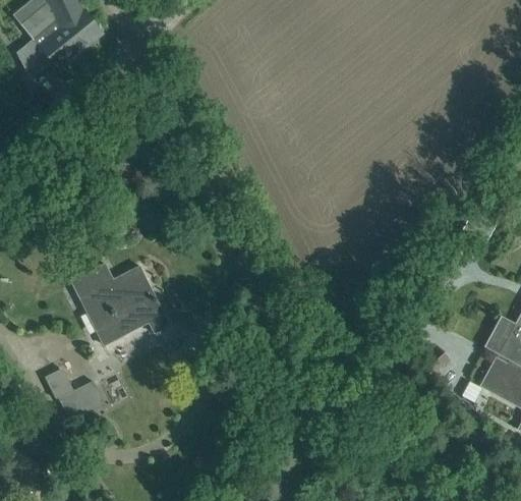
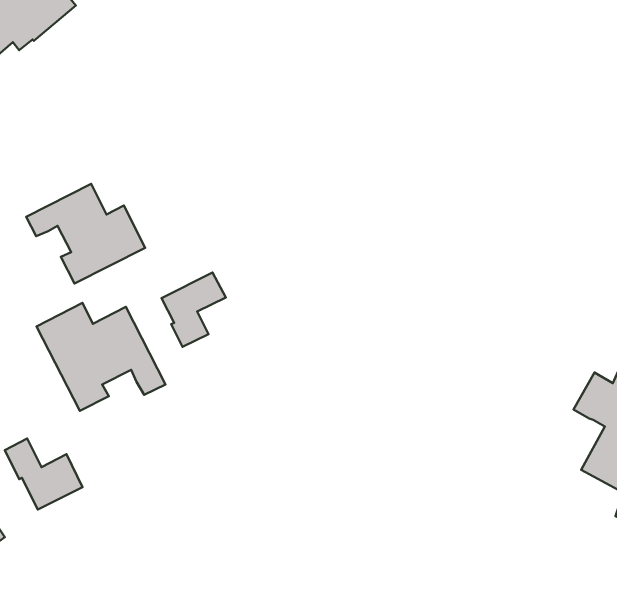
building: none -> [26,184,145,283]
building: none -> [162,272,226,347]

